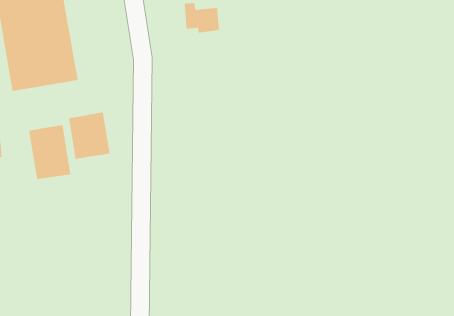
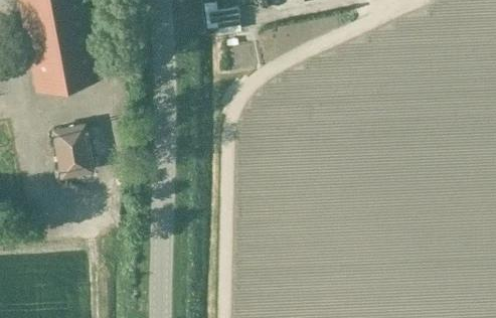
building: [68,112,110,159] -> none

